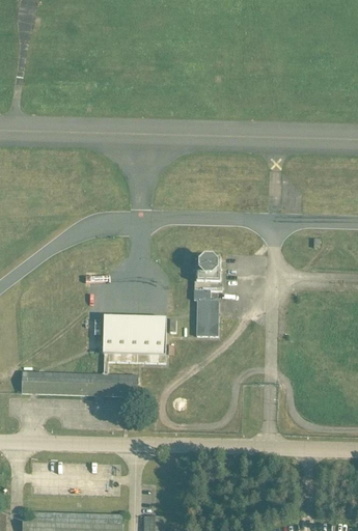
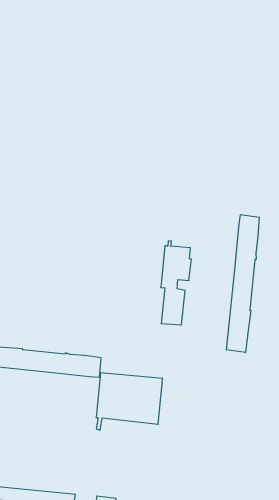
building: none -> [227,215,259,353]
building: [102,316,166,374] -> [96,373,163,430]

